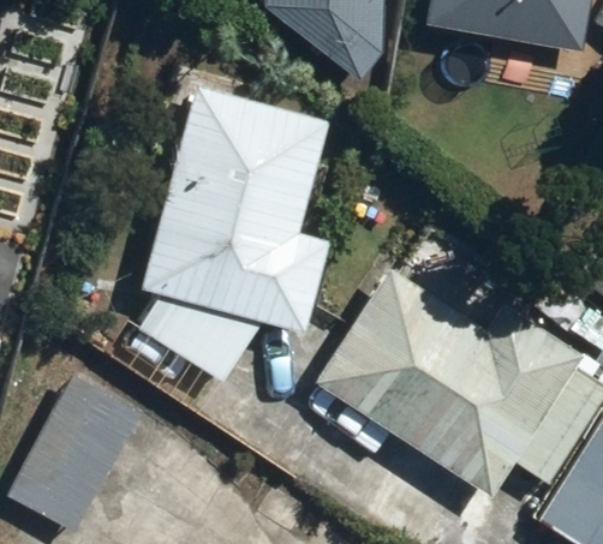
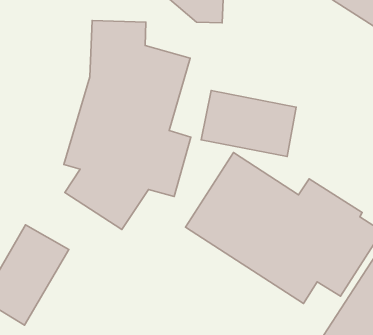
building: none -> [201,90,296,157]

